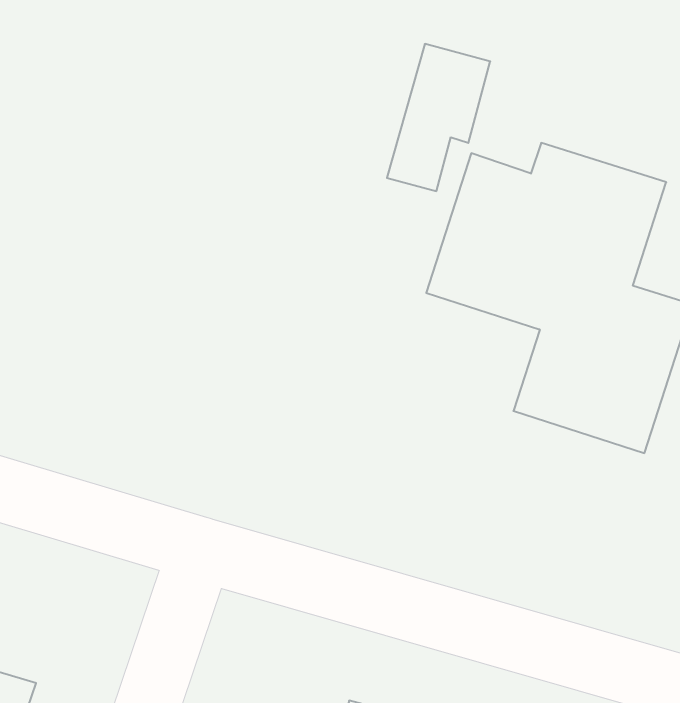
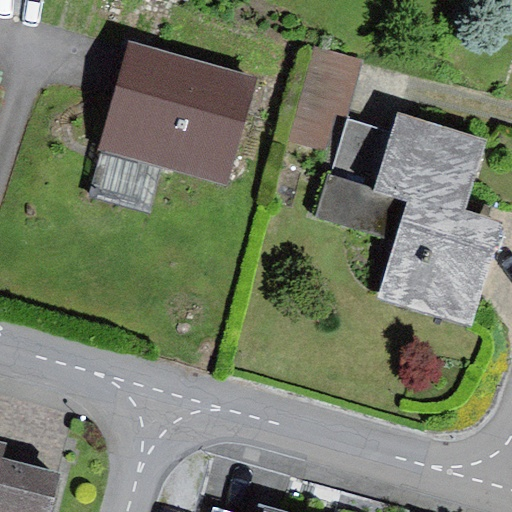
building: none -> [99,49,250,185]

